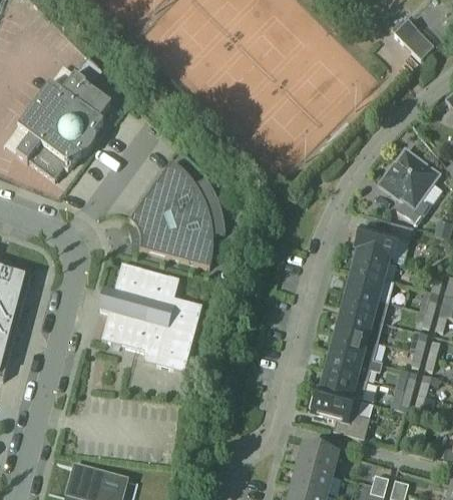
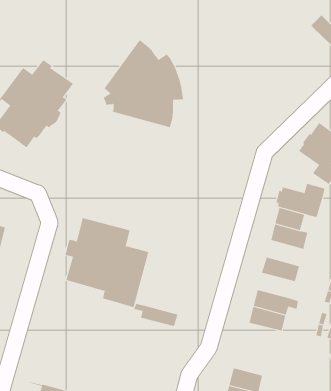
building: [127,159,224,266] -> [103,39,184,128]
building: [341,290,386,321] -> none
building: [330,329,376,360] -> none
building: none -> [133,303,178,327]
building: [309,388,368,438] -> none

